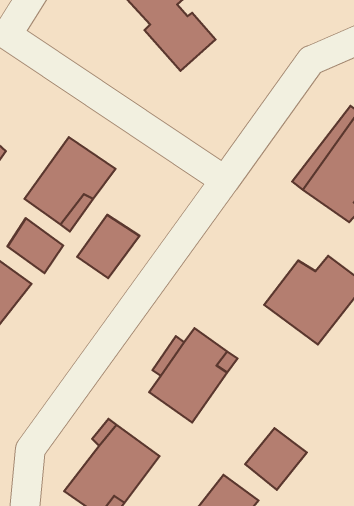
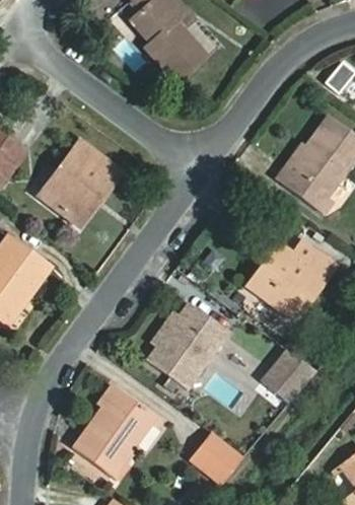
building: [77,215,139,278] -> none
building: [8,218,63,273] -> none
building: [245,428,307,490] -> [262,350,315,404]

